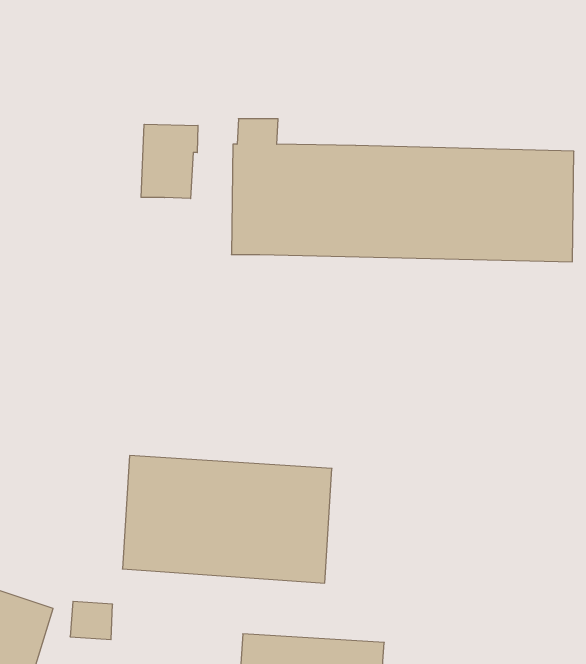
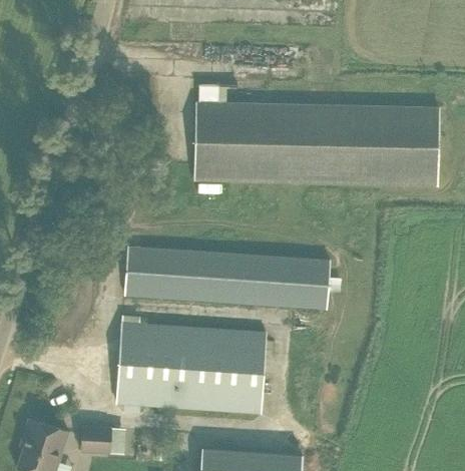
building: [141,124,198,199] -> none
building: none -> [124,247,330,308]

